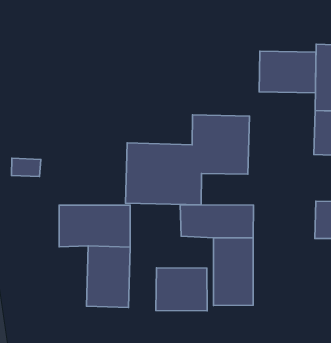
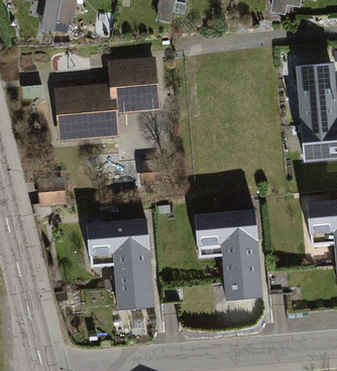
building: [259,51,316,93] -> none
building: [126,115,249,205] -> [51,57,158,142]
building: [156,268,207,311] -> none

